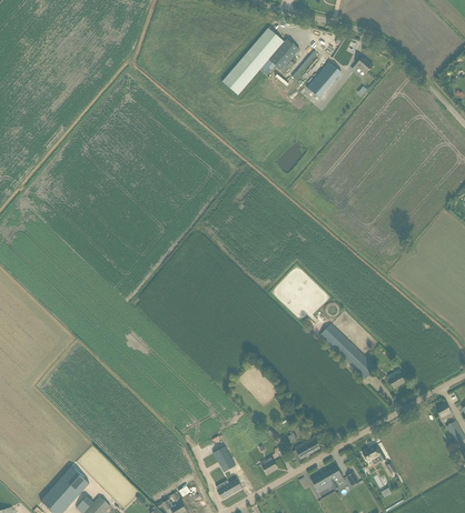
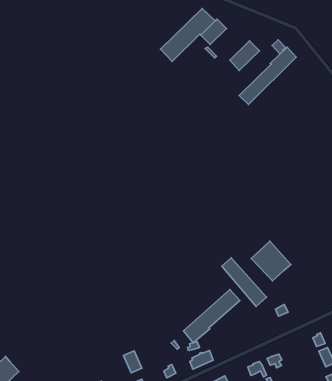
building: none -> [239,47,296,105]
building: none -> [251,241,291,281]
building: none -> [183,289,240,343]

